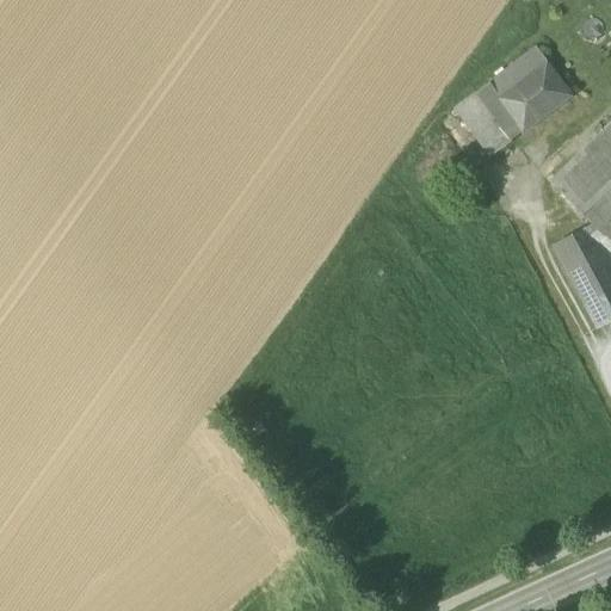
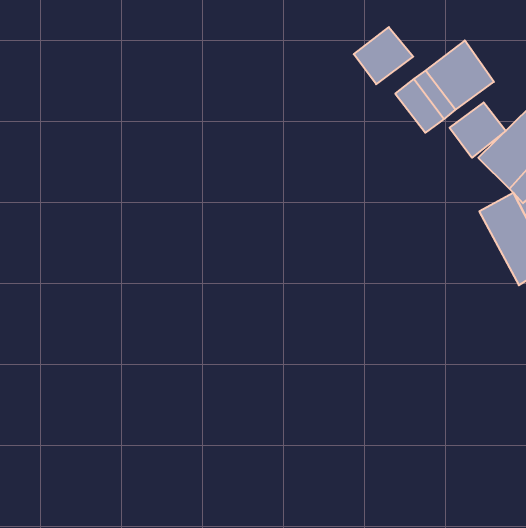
building: none -> [354,27,413,84]
building: none -> [450,102,506,158]

